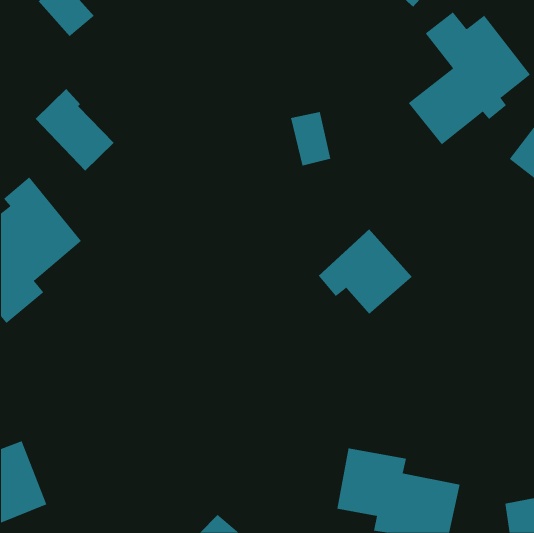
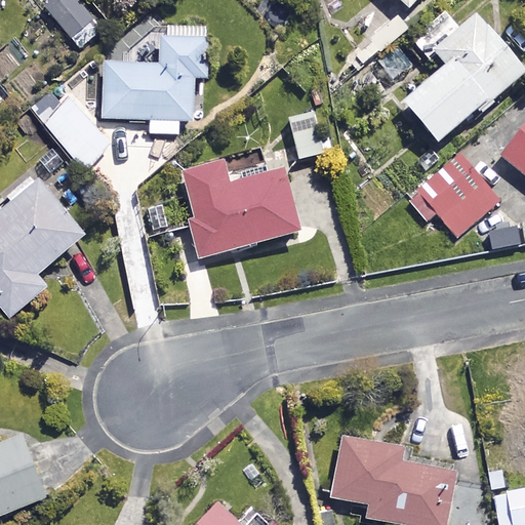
building: none -> [98,39,207,134]
building: none -> [181,160,296,259]
building: [318,228,412,315] -> [409,154,501,238]

